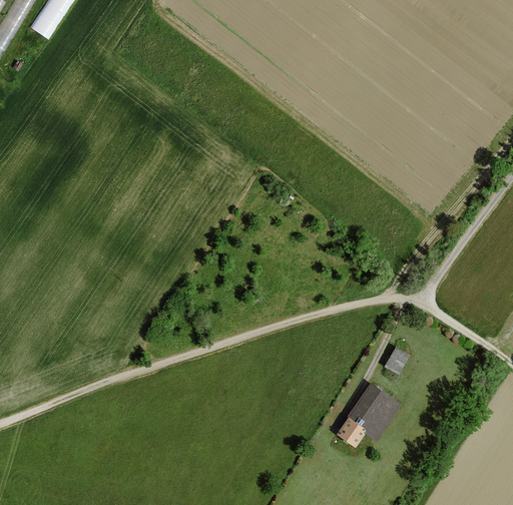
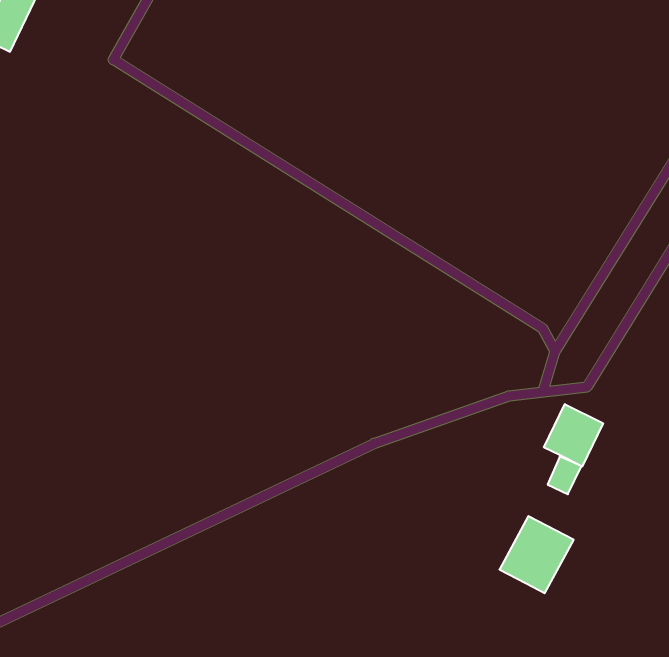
building: none -> [544,404,603,467]
building: [336,418,363,444] -> none

